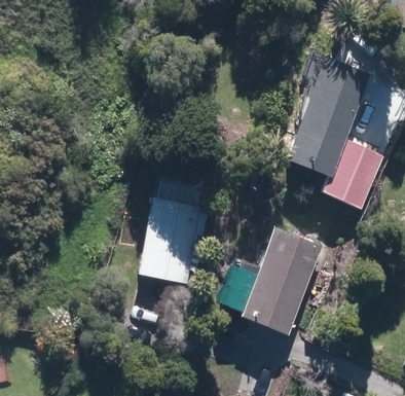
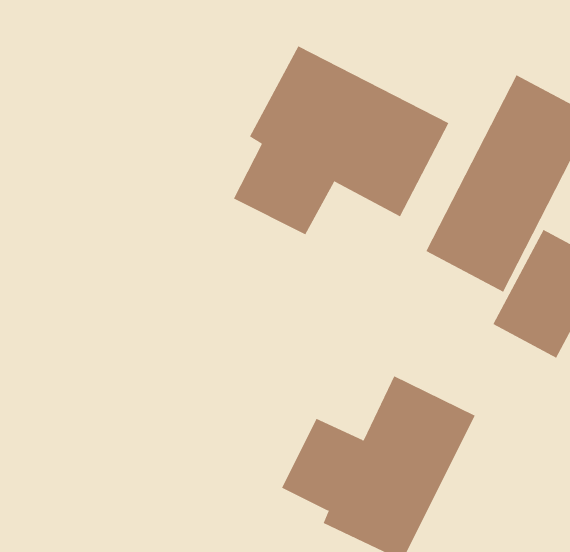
building: none -> [233,45,449,235]
building: [137,195,205,285] -> none

